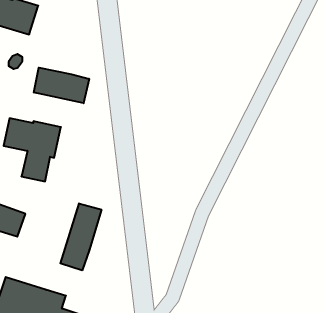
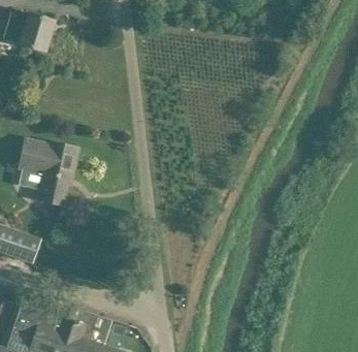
building: [34,68,89,103] -> none
building: [60,203,101,270] -> none

